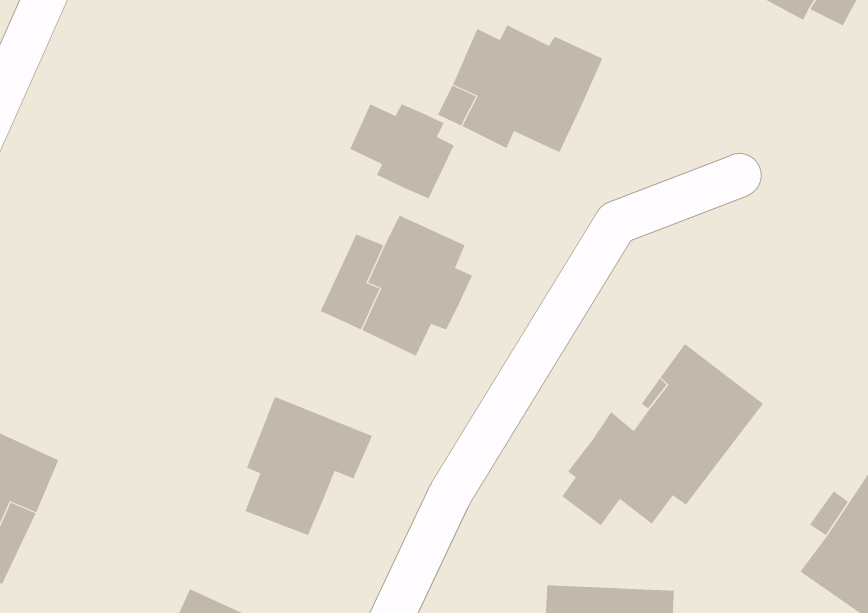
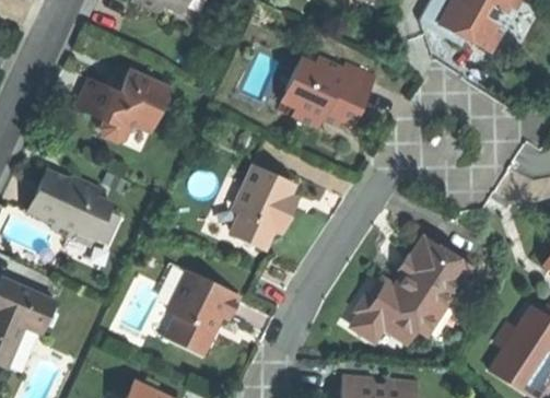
building: none -> [77,73,169,144]
building: [350,104,454,199] -> none
building: none -> [32,172,115,242]

